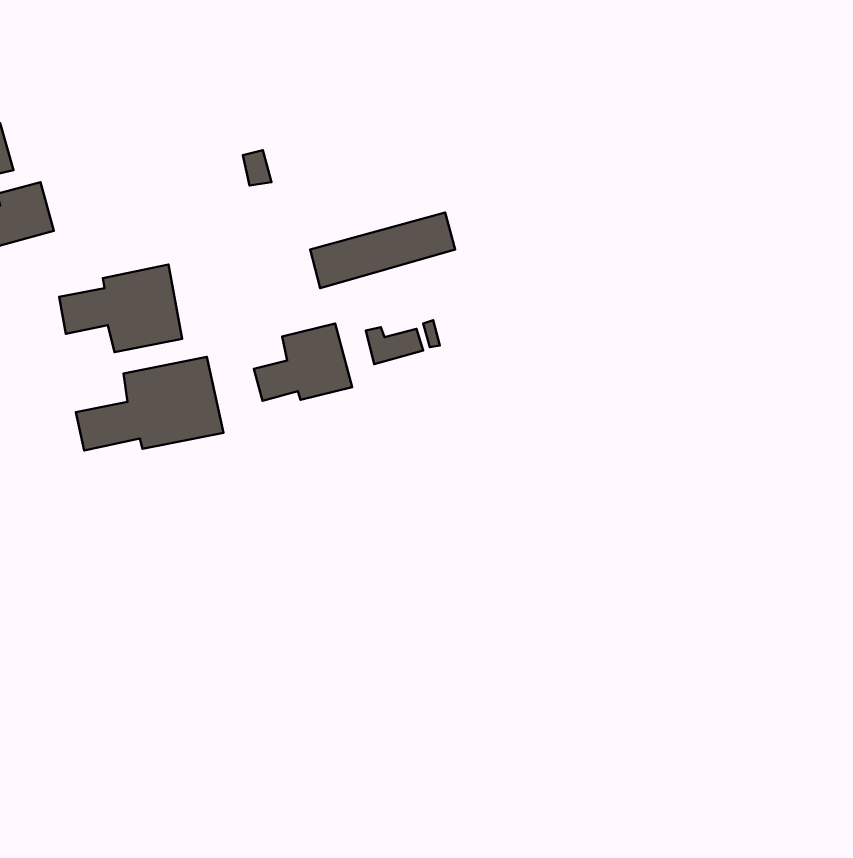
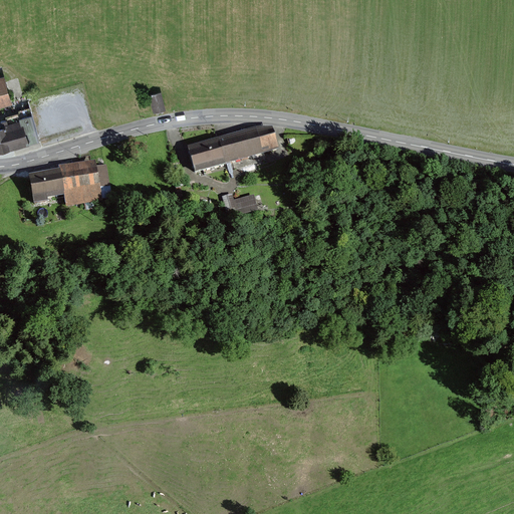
building: [254,323,352,401] -> none
building: [76,357,224,450] -> none

